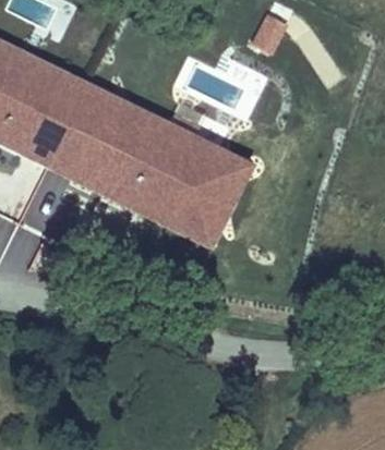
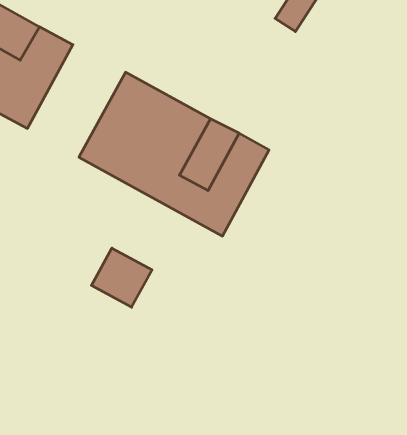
building: [27,73,117,175] -> none
building: none -> [91,248,152,307]

